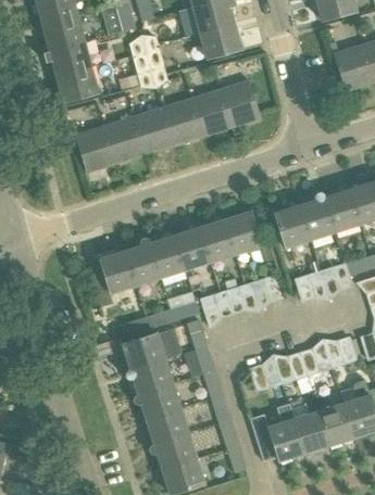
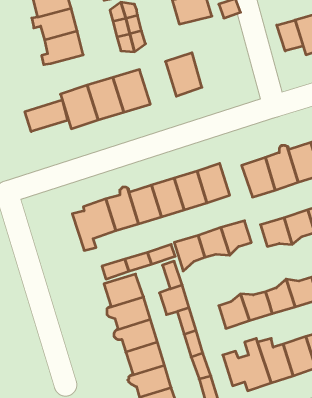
building: none -> [277,20,303,51]
building: [220,80,261,127] -> none
building: [162,99,202,145] -> none
building: none -> [25,100,68,132]

